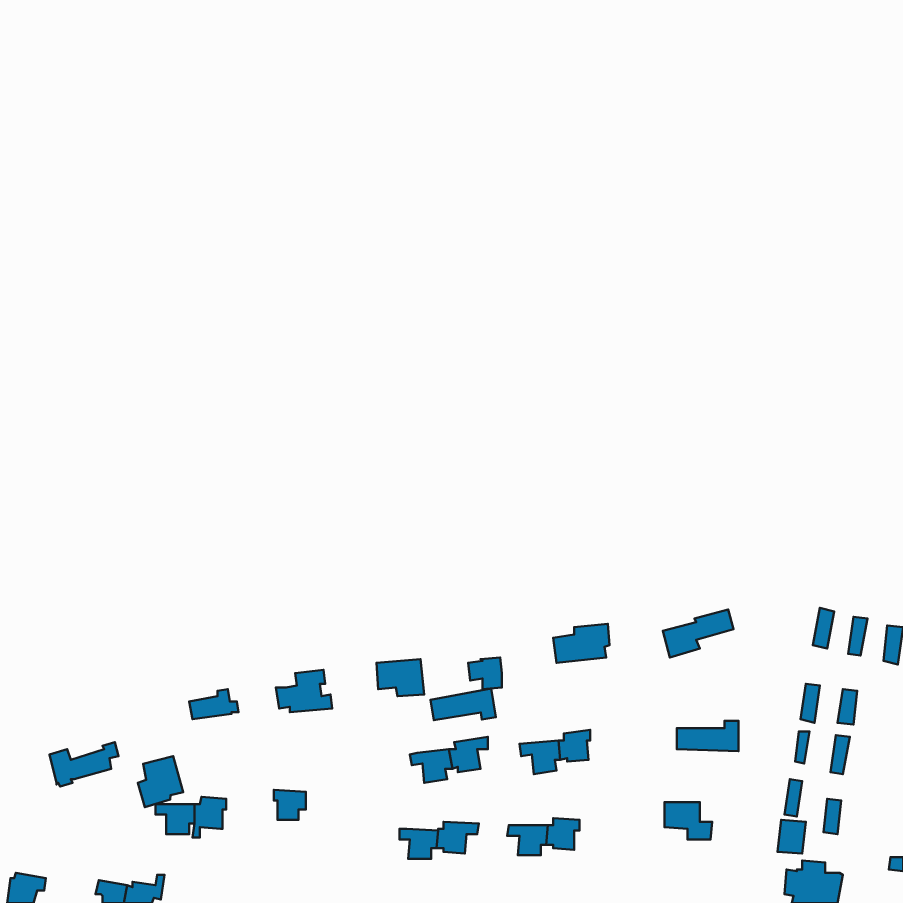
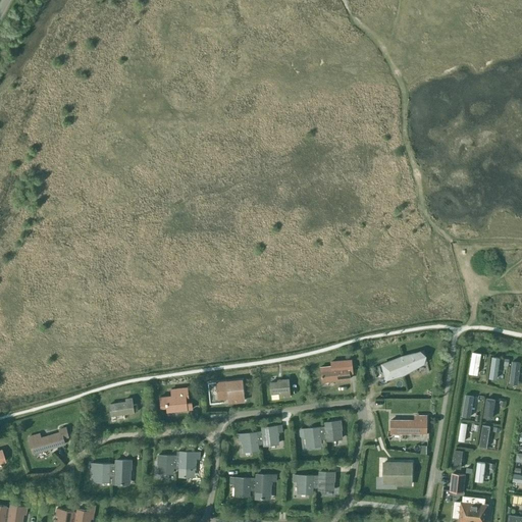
building: [430,688,496,720] -> none
building: [138,756,183,807] -> none
building: none -> [176,453,200,477]

